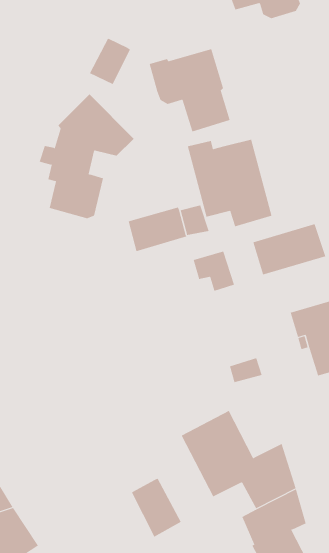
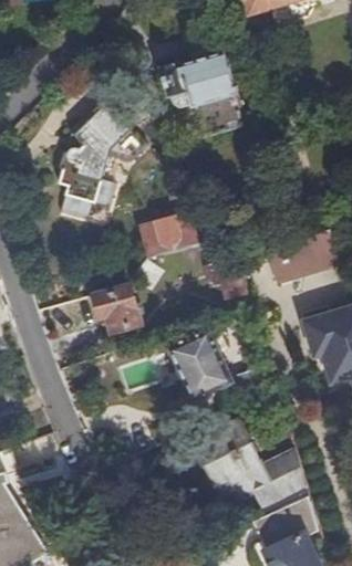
building: [89,37,131,85] -> none
building: [187,139,272,227] -> none
building: none -> [93,285,139,331]
building: none -> [167,332,231,400]
building: [131,478,181,538] -> none

